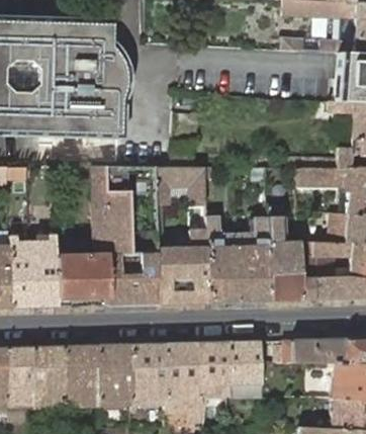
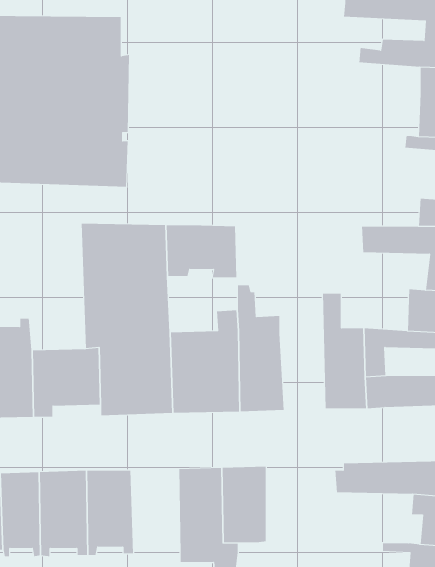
building: [238,216,270,301] -> none
building: [227,341,261,400] -> none
building: [129,344,165,406] -> none

